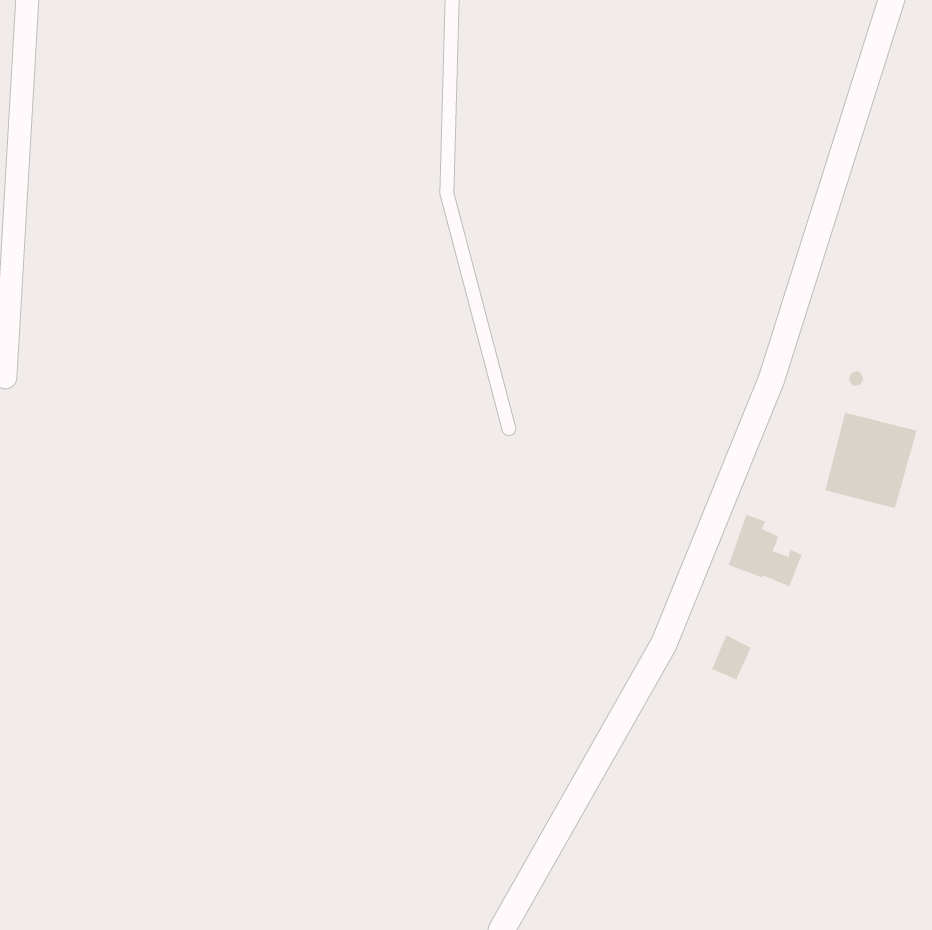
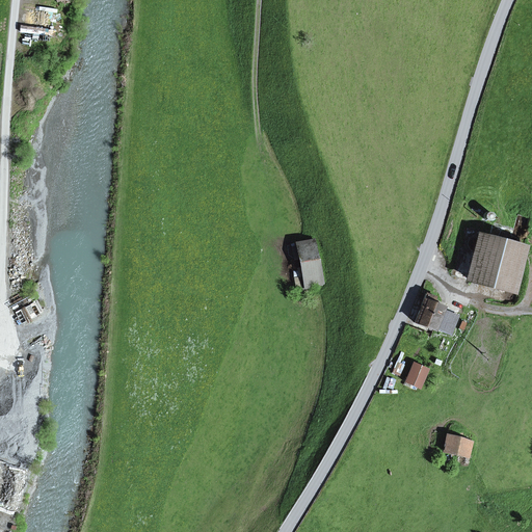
building: none -> [297,240,324,287]
building: none -> [443,433,472,463]

